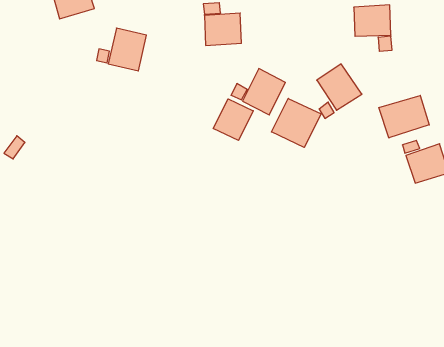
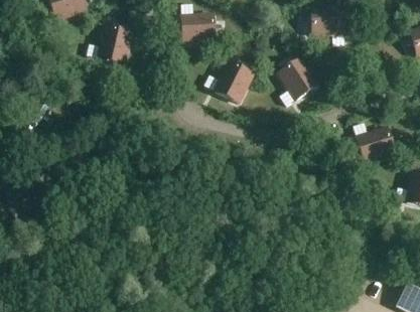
building: [379,95,429,138] -> none
building: [271,98,321,147] -> none
building: [213,99,253,140] -> none

